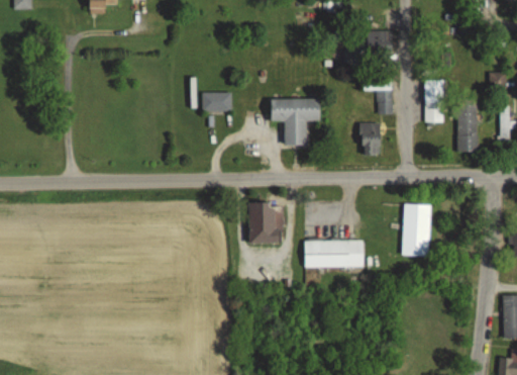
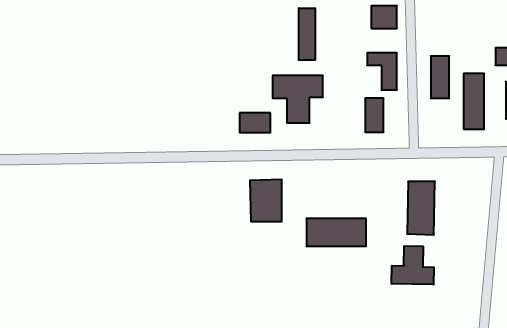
building: none -> [299,8,315,60]
building: [202,93,232,112] -> [240,113,270,133]
building: none -> [392,246,434,285]

